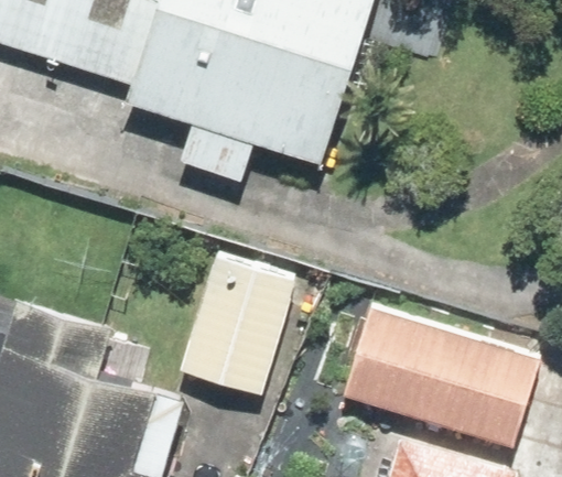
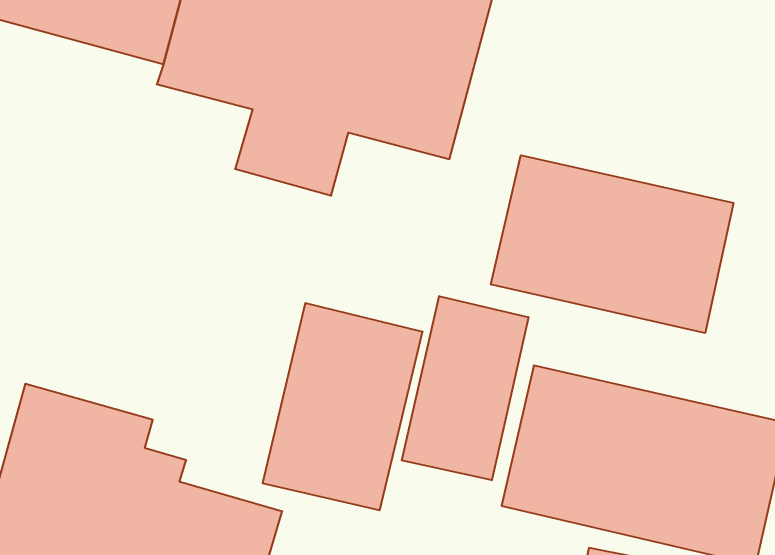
building: none -> [491,155,734,333]
building: none -> [402,296,528,480]

